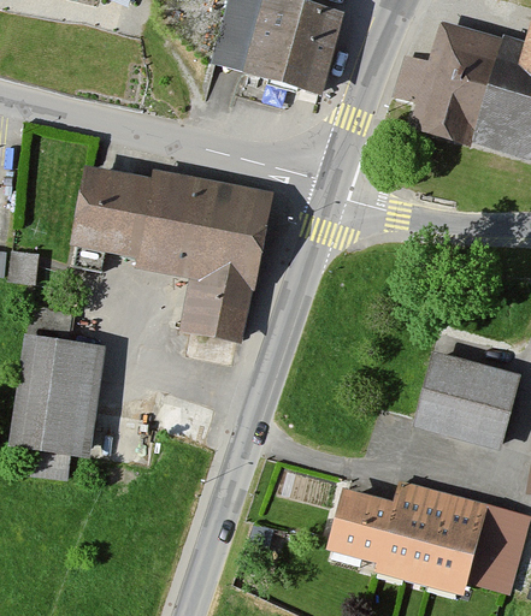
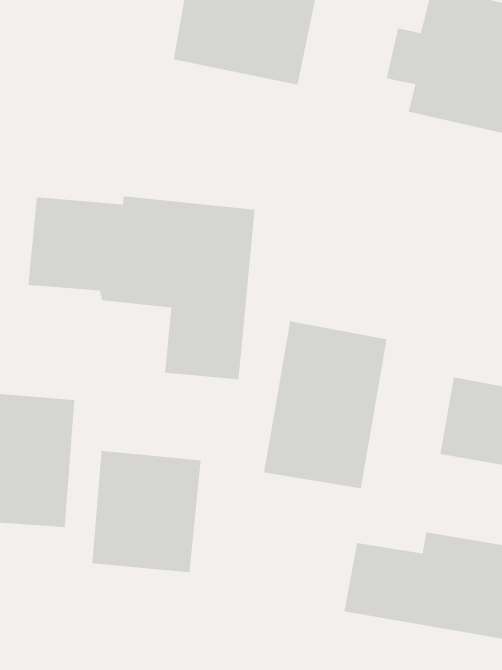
building: none -> [263,321,388,489]
building: none -> [92,450,201,573]

